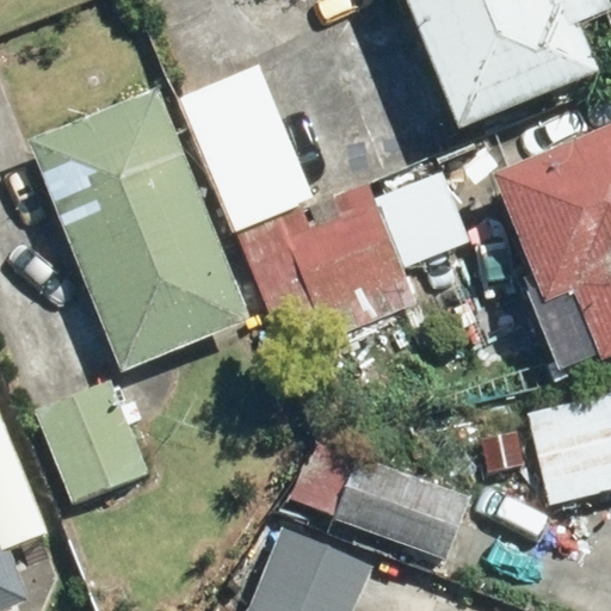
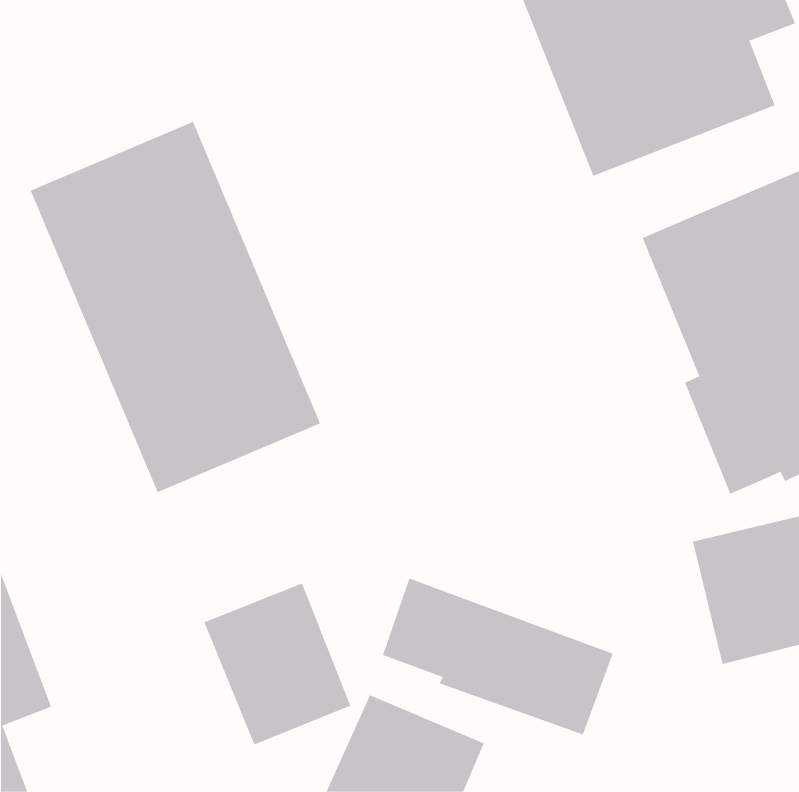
building: [177,61,315,230] -> none
building: [239,160,463,352] -> none
building: [35,377,147,500] -> [203,583,351,745]

